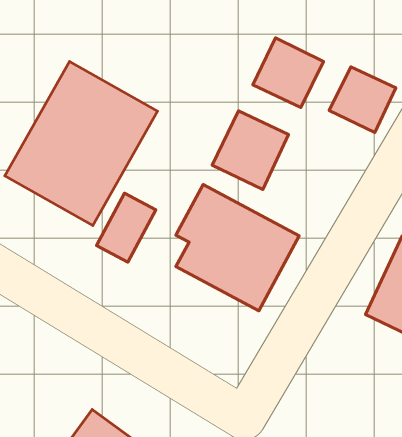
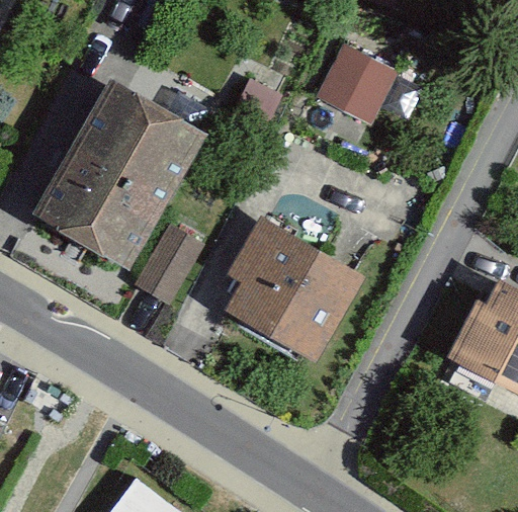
building: [329,67,396,132] -> none
building: [212,111,289,189] -> none

